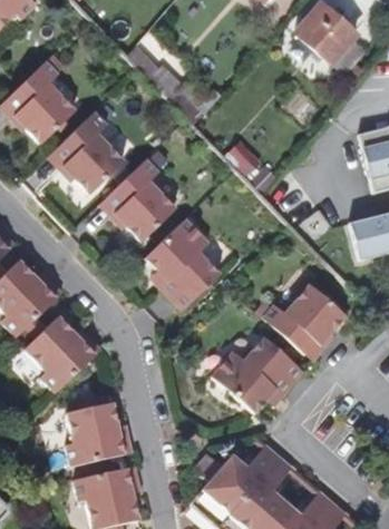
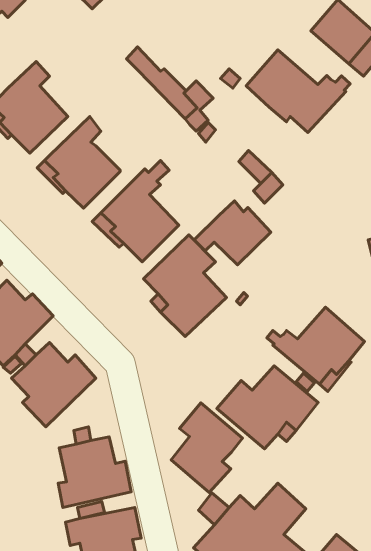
building: none -> [246,50,350,133]
building: none -> [194,201,271,265]
building: none -> [171,403,243,493]

